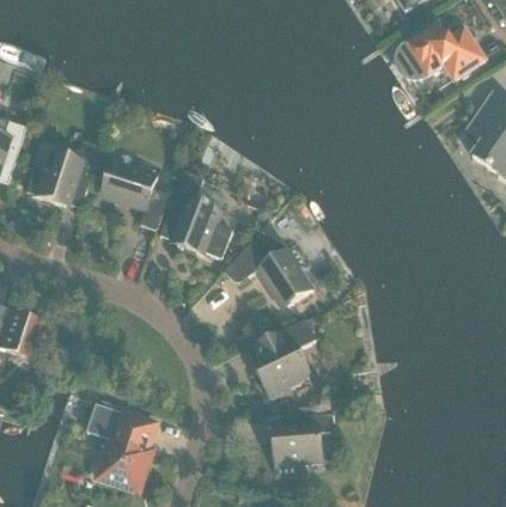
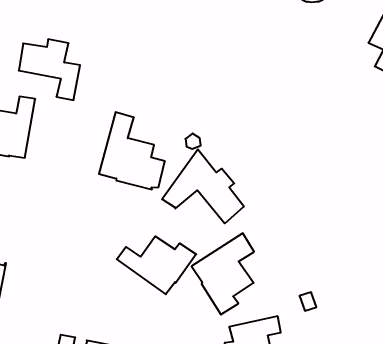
building: [103,159,170,228] -> [19,39,80,100]
building: none -> [117,236,196,294]

